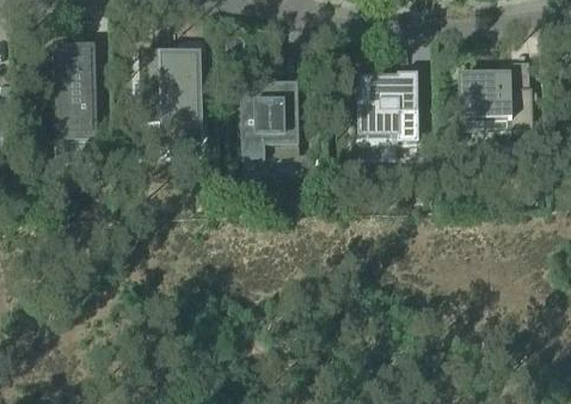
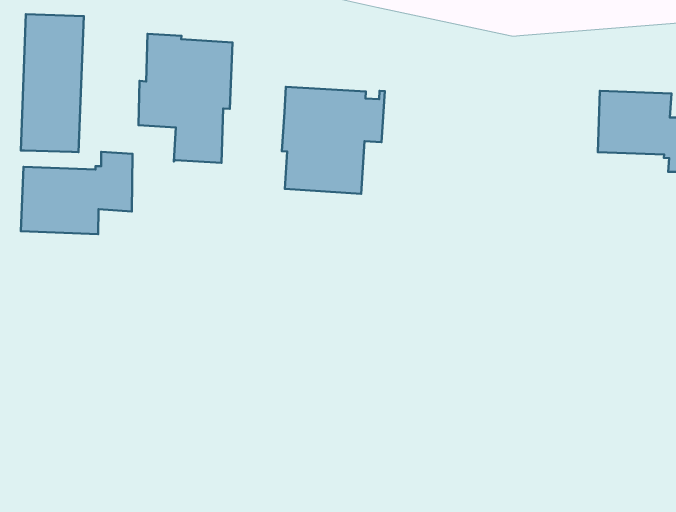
building: [354,73,419,143] -> none
building: none -> [21,152,132,234]

